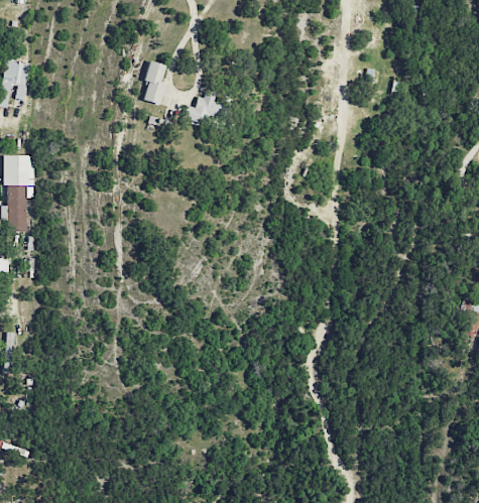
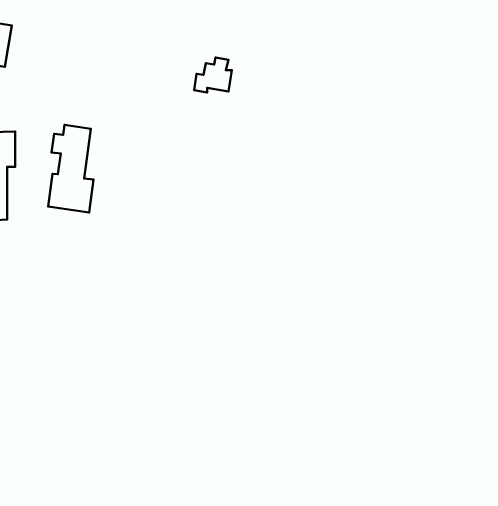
building: [143,59,166,104] -> none
building: none -> [48,125,93,212]

